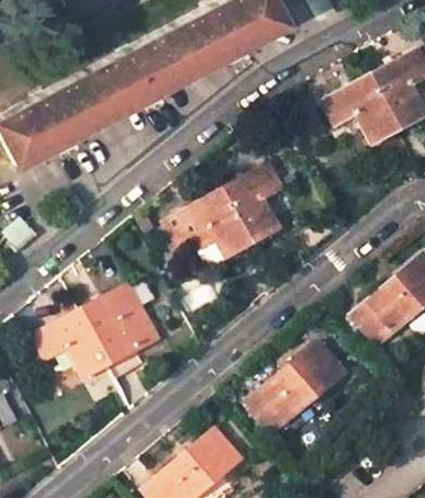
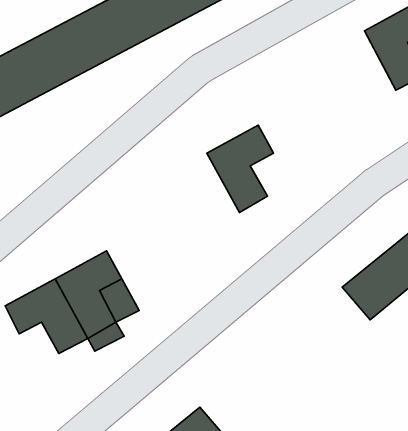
building: [322,76,400,146] -> none
building: [164,191,253,262] -> none
building: [245,346,342,435] -> none

